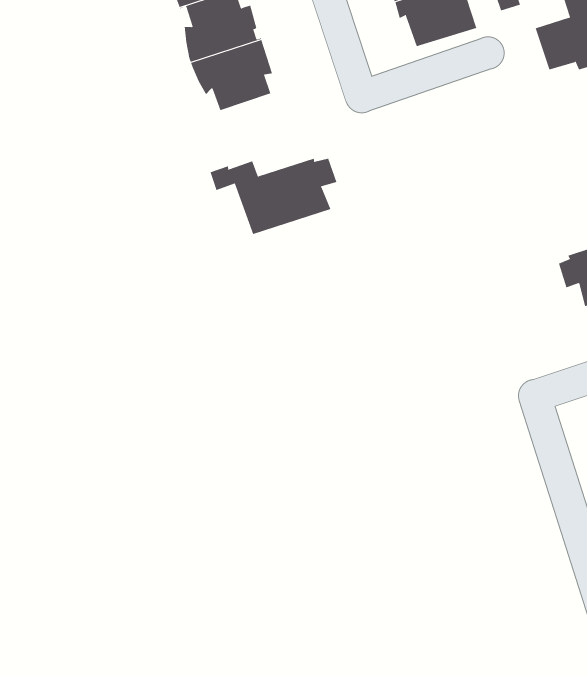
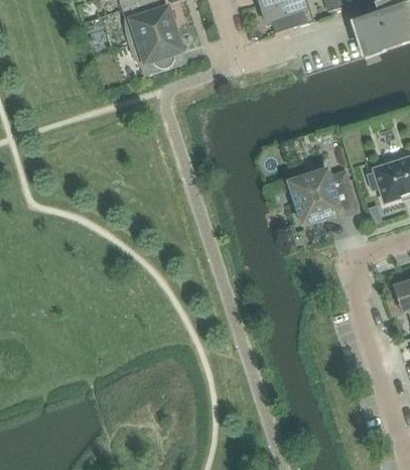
building: [210,158,337,235] -> none
building: none -> [289,169,358,224]

